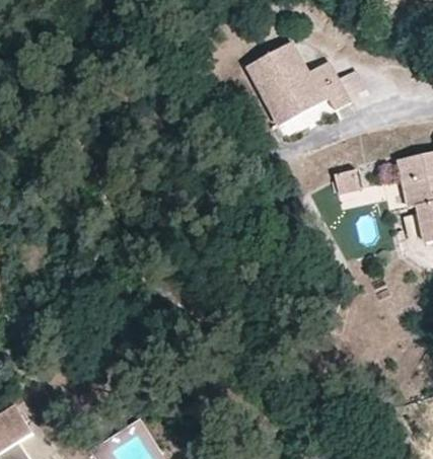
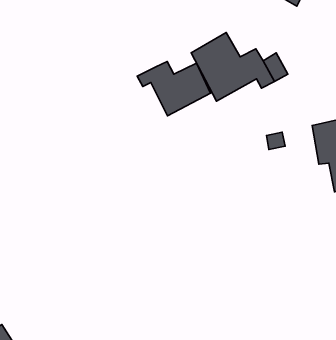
building: none -> [137,62,211,116]

